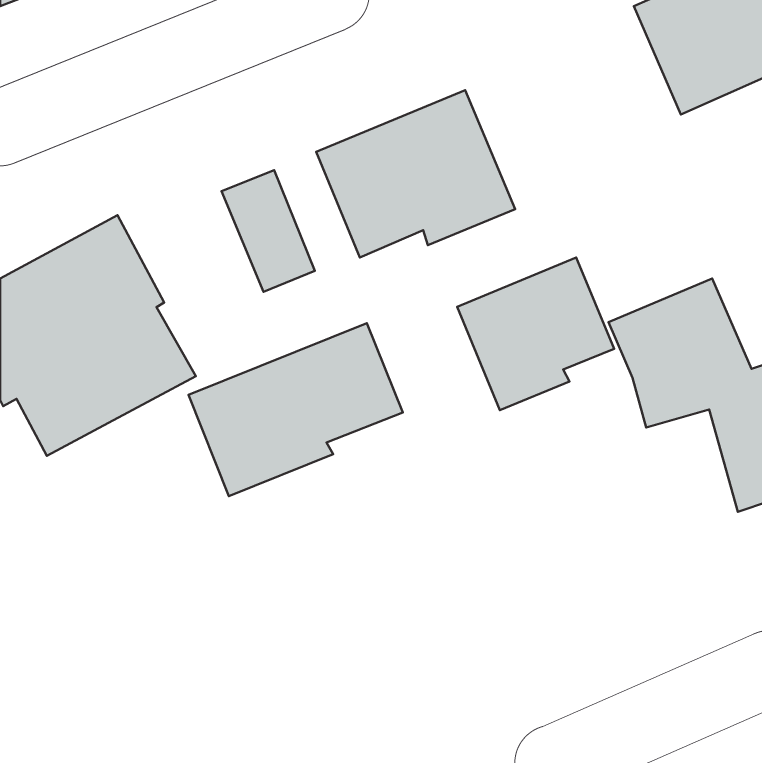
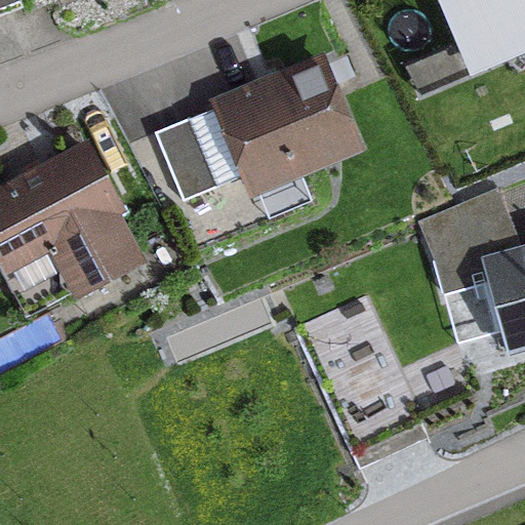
building: [457,258,614,410] -> none
building: [188,323,403,496] -> none

